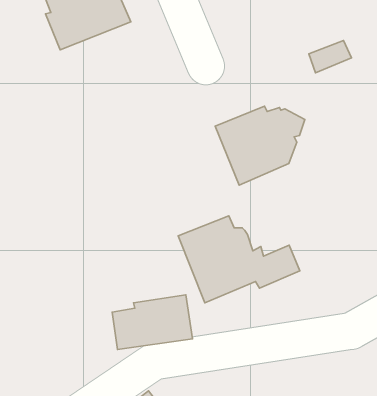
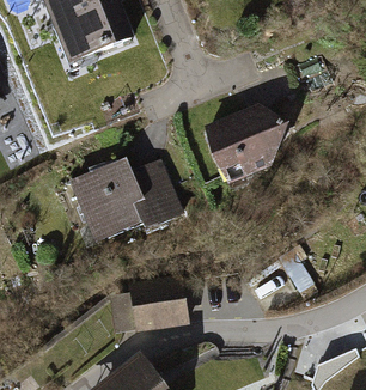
building: [178,216,300,303] -> [73,163,182,240]

